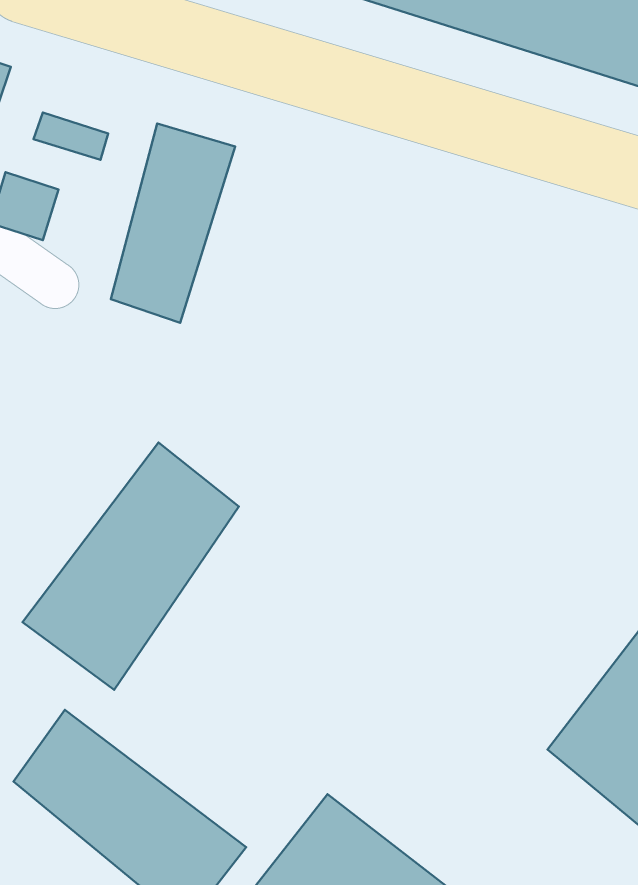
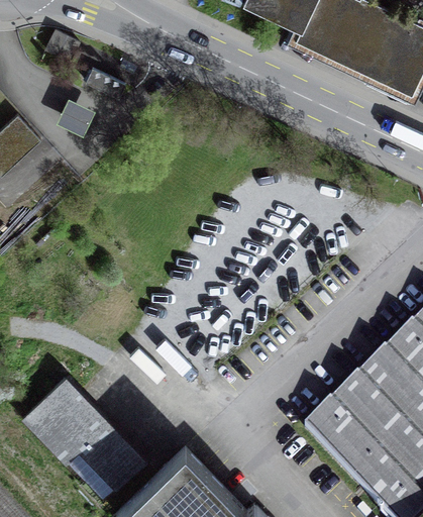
building: [111,124,235,323] -> none
building: [22,443,239,690] -> none

